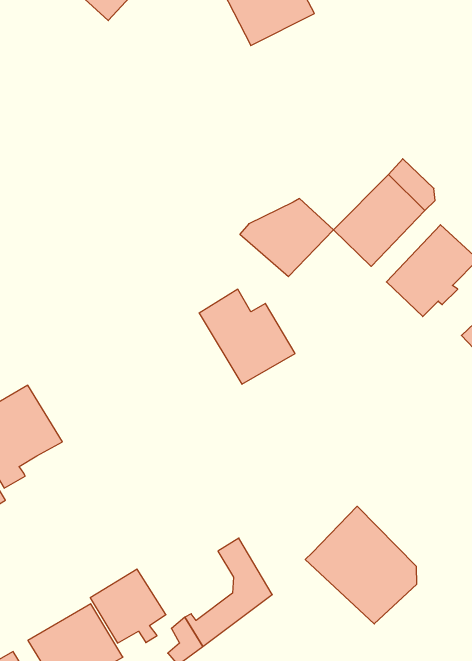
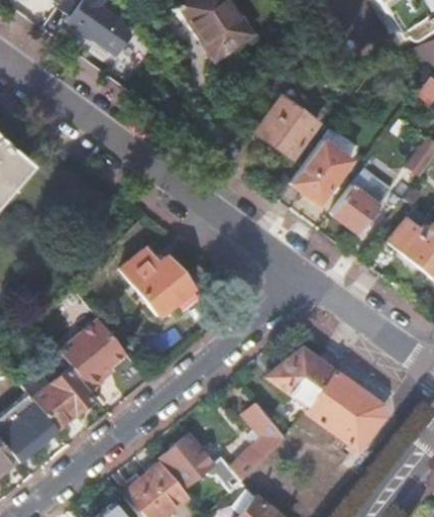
building: [240,199,333,277] -> [255,103,319,158]
building: [199,289,295,384] -> [121,249,191,314]
building: none -> [266,346,334,405]

